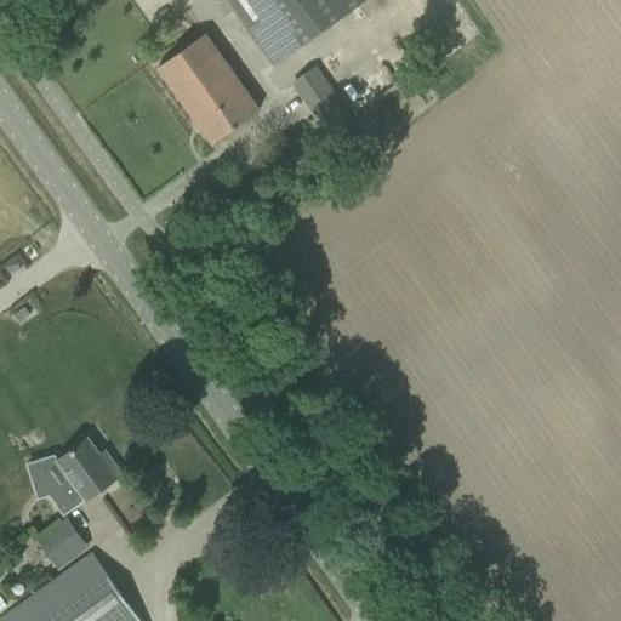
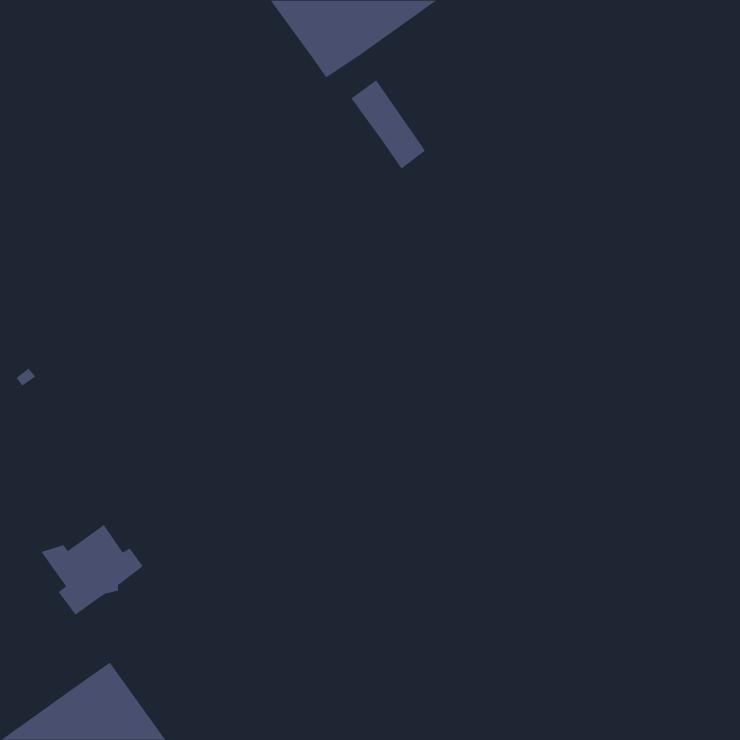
building: [156,35,258,144] -> none
building: [35,518,89,571] -> none

